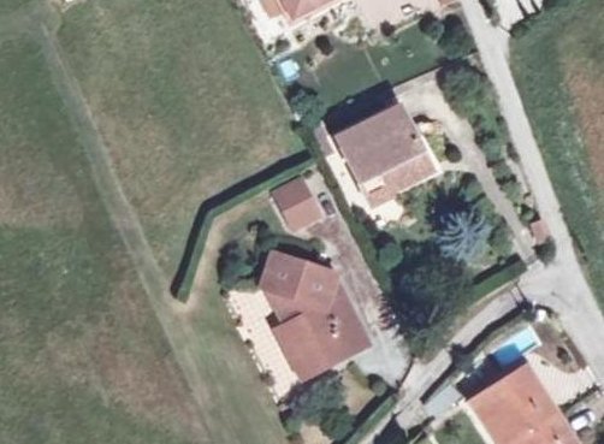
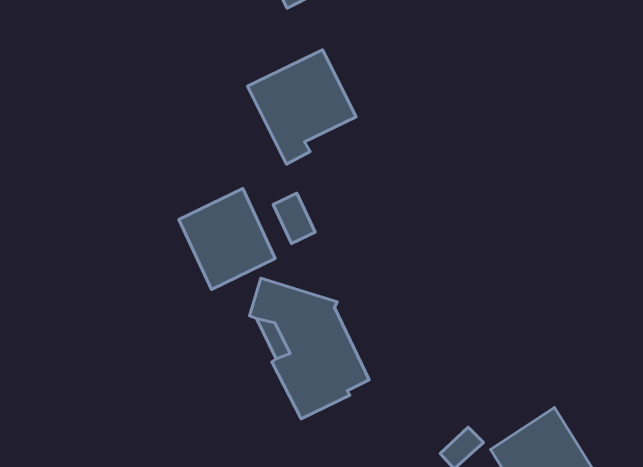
building: [336,106,430,205] -> [248,50,356,164]
building: none -> [179,189,275,289]

